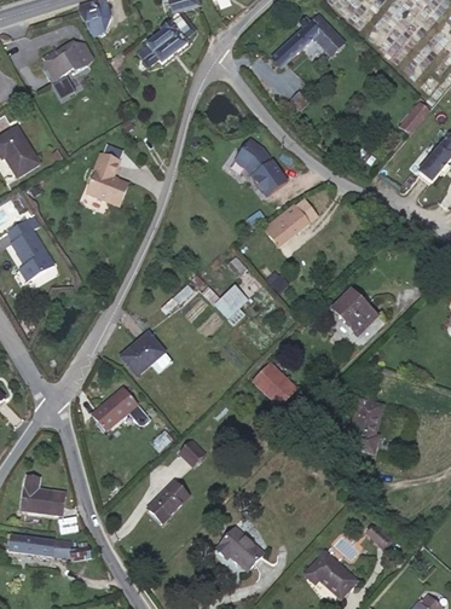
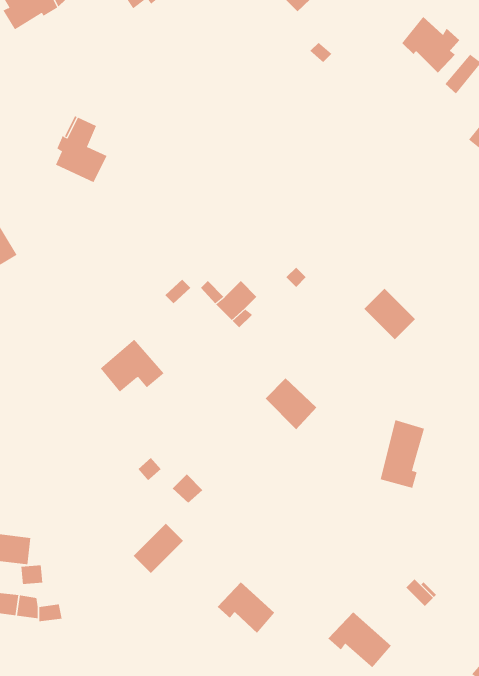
building: none -> [401,16,460,74]
building: [235,139,285,196] -> none
building: [264,205,308,245] -> none
building: [92,388,138,431] -> none

